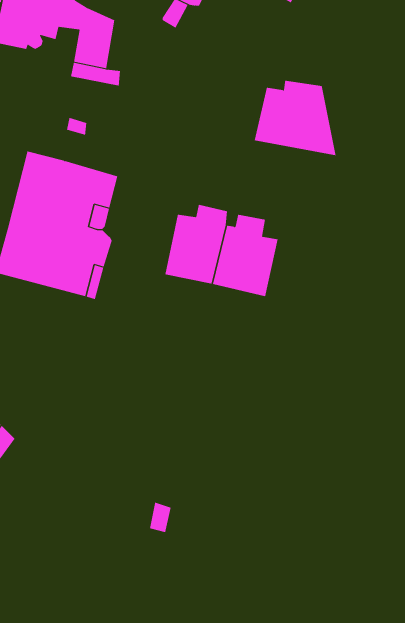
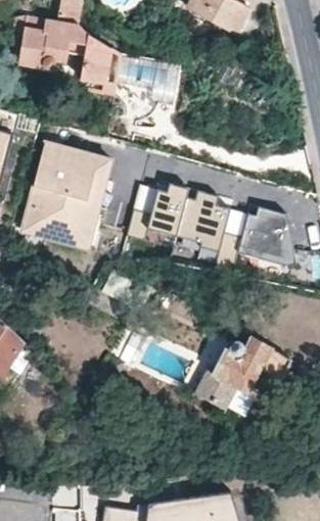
building: [254,80,337,156] -> [237,208,298,264]
building: none -> [195,337,289,418]

